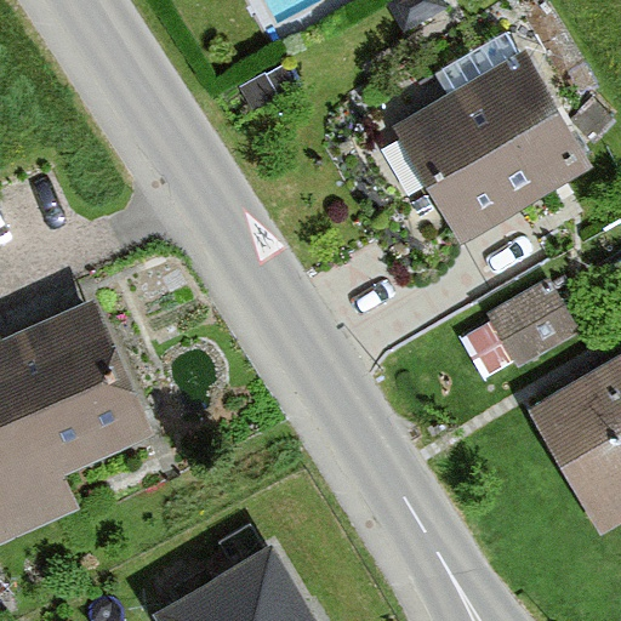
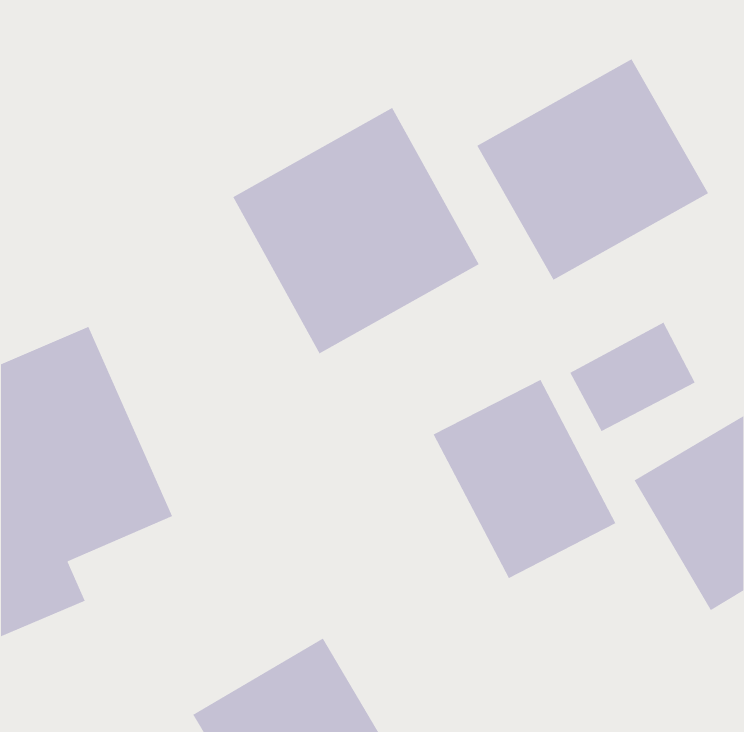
building: none -> [232,107,480,355]
building: none -> [433,379,617,579]

